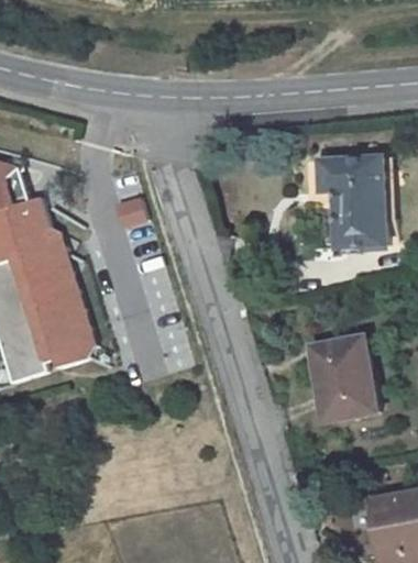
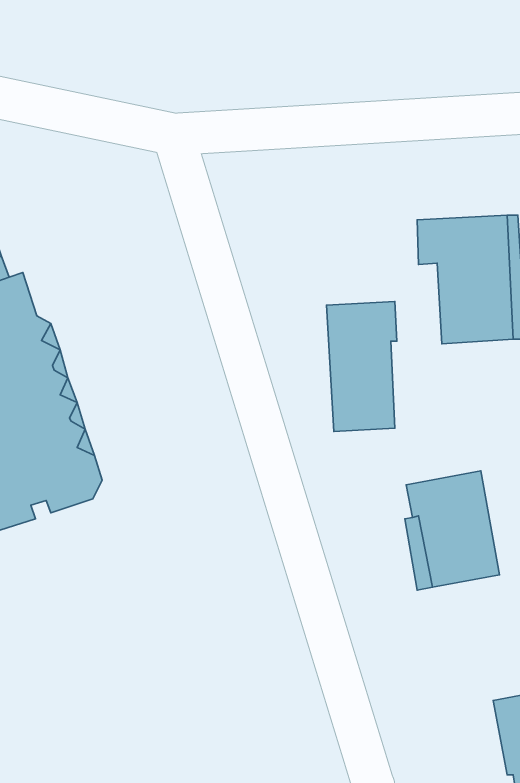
building: none -> [327,302,397,431]

